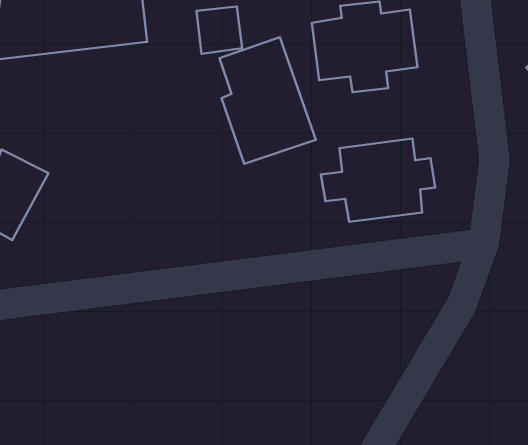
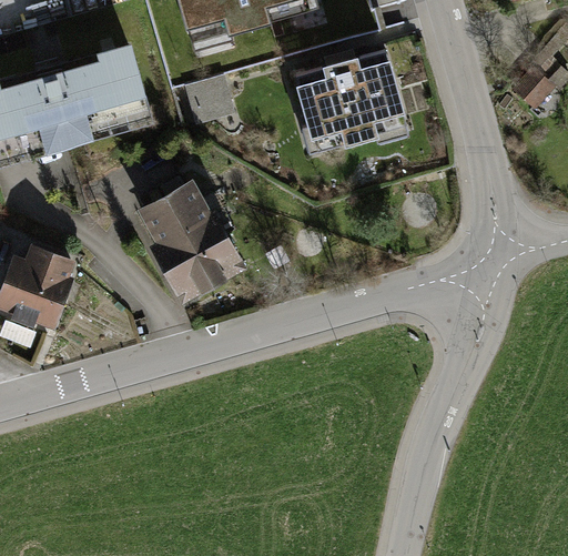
building: [219,37,316,164] -> [139,180,242,305]
building: [321,139,435,222] -> none

